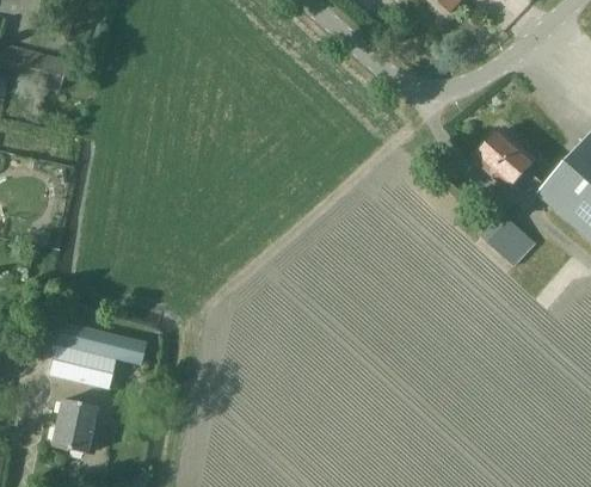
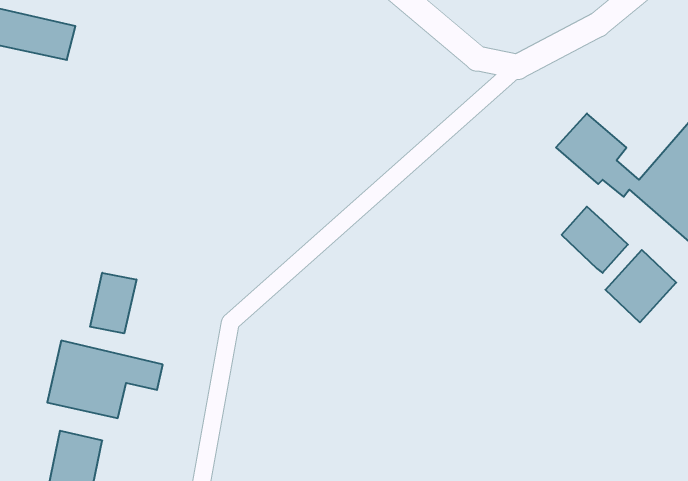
building: none -> [605,250,676,322]
building: none -> [90,273,136,333]

